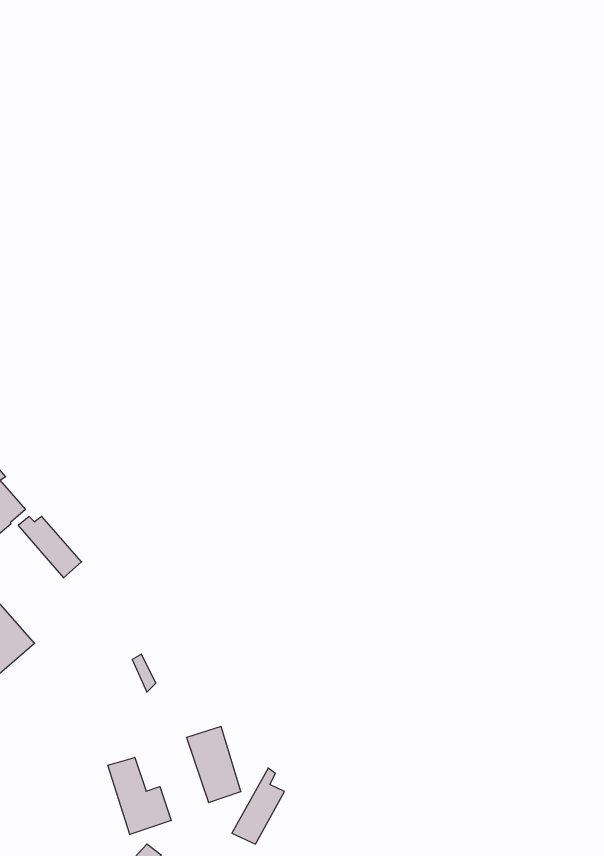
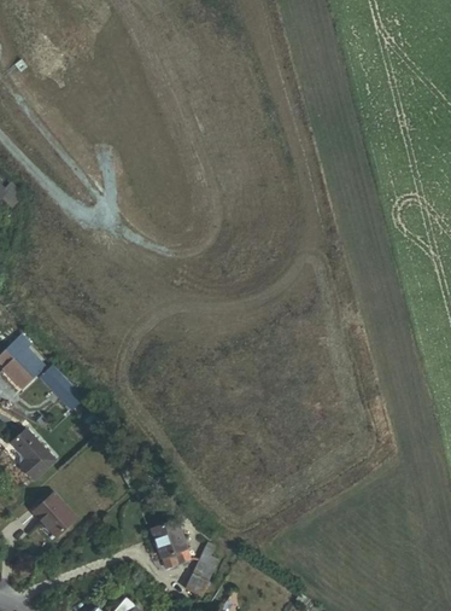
building: none -> [34,484,75,526]
building: [108,757,171,835] -> none

